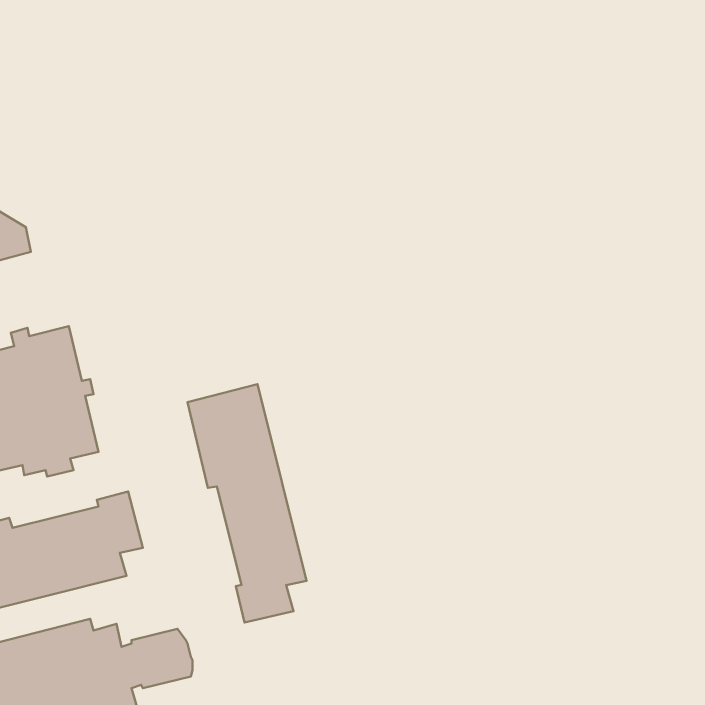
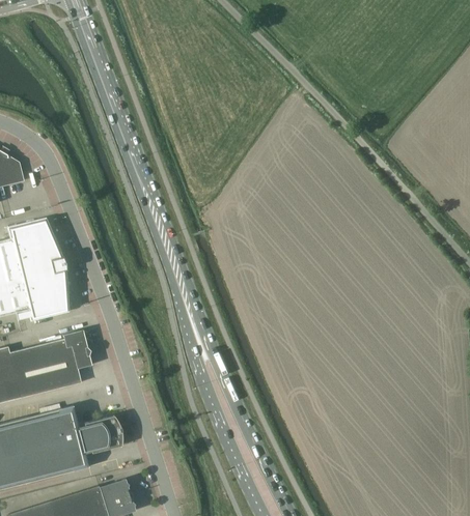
building: [188,384,307,622] -> none

